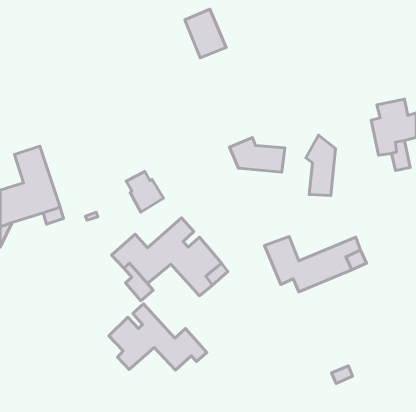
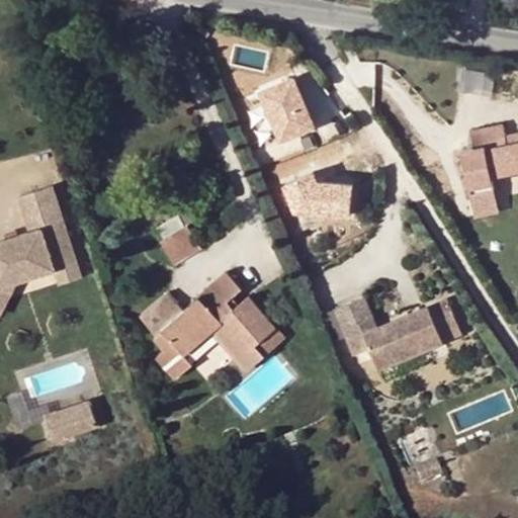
building: [185,9,226,58] -> [263,81,315,142]
building: [306,135,335,196] -> none
building: [109,304,207,370] -> none
building: none -> [47,402,97,440]

